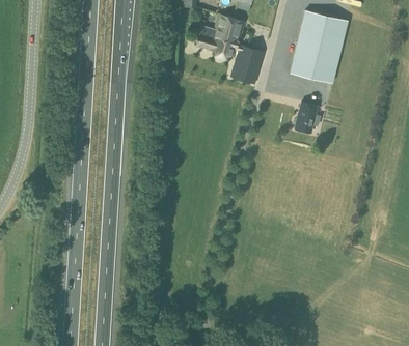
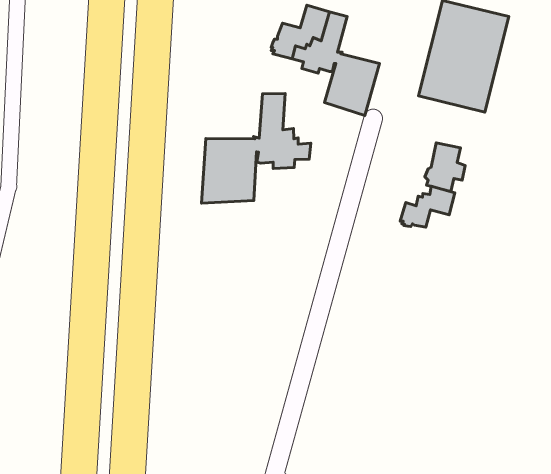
building: none -> [201,93,311,203]
building: none -> [400,186,455,227]

